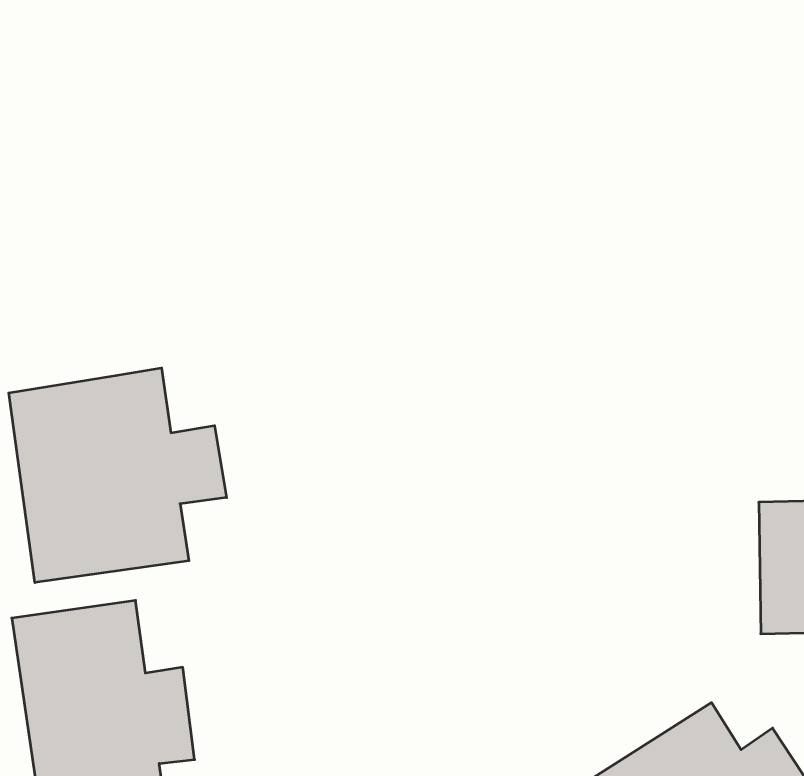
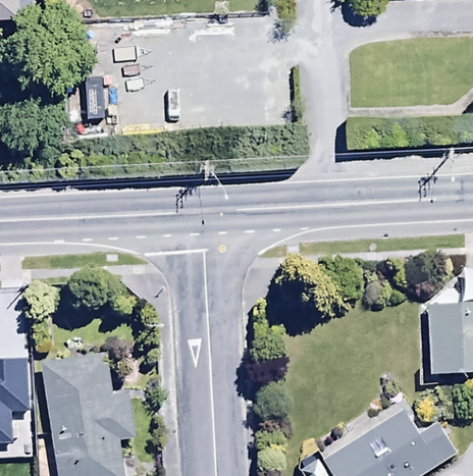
building: [9,368,227,583] -> none

